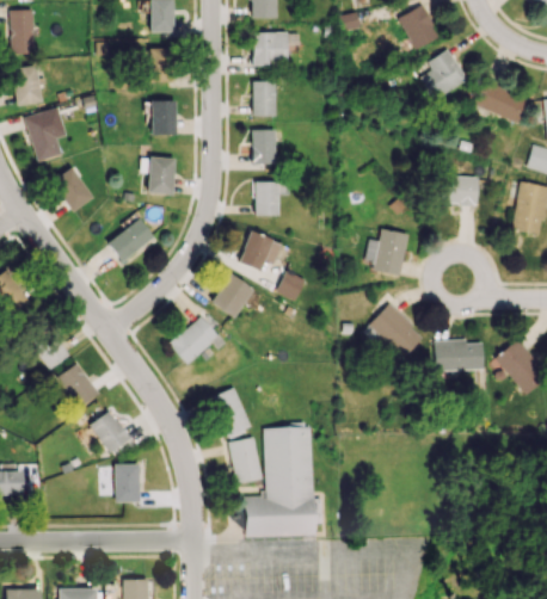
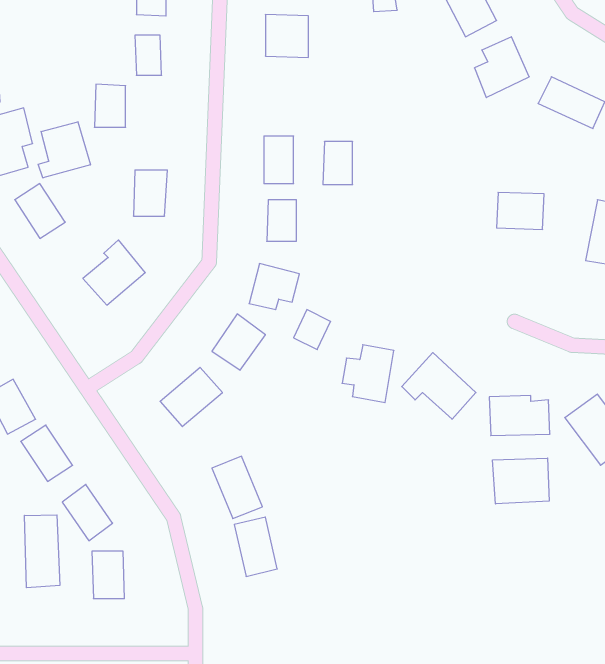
building: [253,81,277,116] -> [323,142,353,185]
building: [152,100,177,135] -> [94,84,126,127]
building: none -> [38,122,90,178]
building: [365,229,407,276] -> [342,345,394,403]
building: none -> [493,458,549,504]
building: [245,427,324,537] -> none
building: none -> [24,515,60,588]

